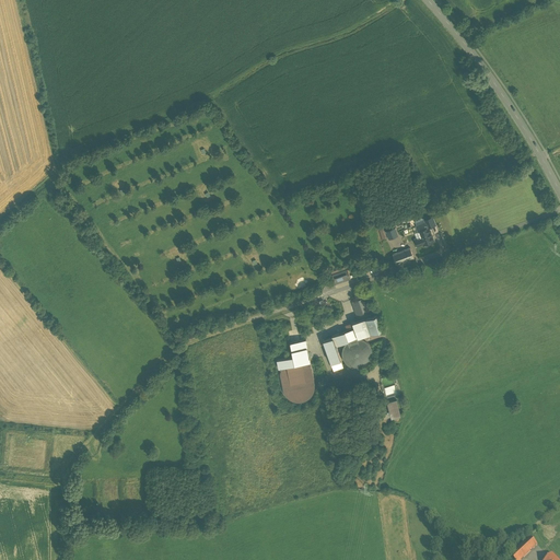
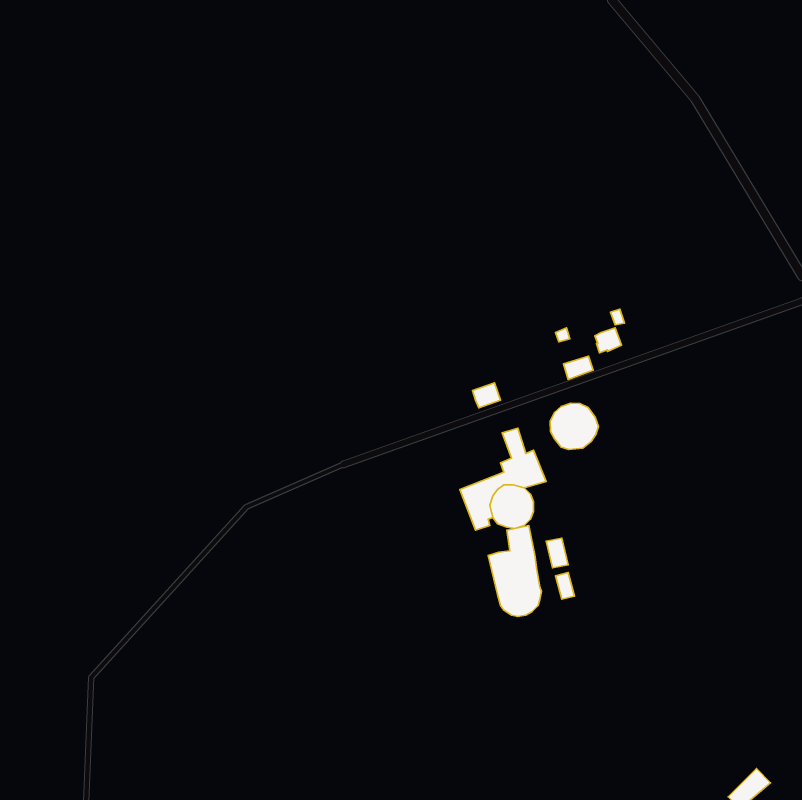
building: none -> [550,403,598,449]
building: [276,341,313,405] -> [488,526,541,617]

